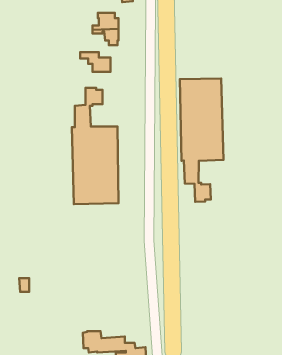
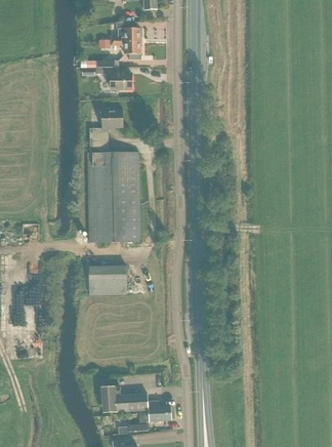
building: [180,78,223,202] -> none
building: none -> [88,266,126,295]

